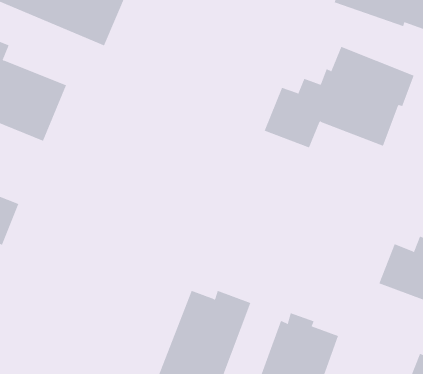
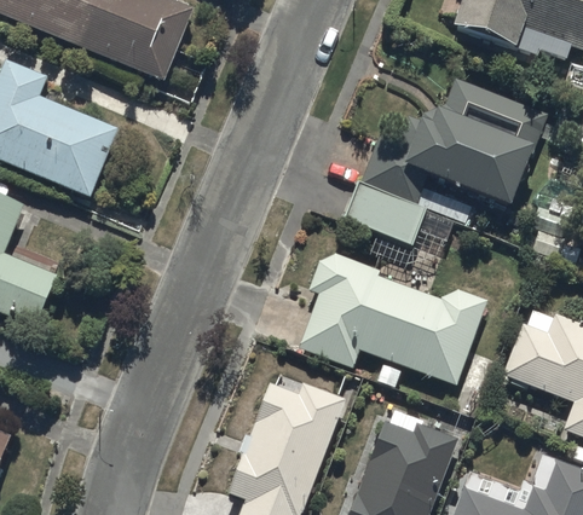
building: none -> [341,181,426,245]
building: none -> [301,253,489,386]

